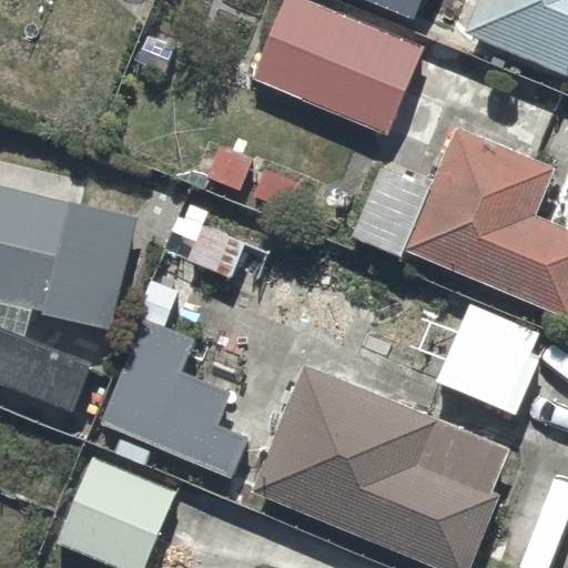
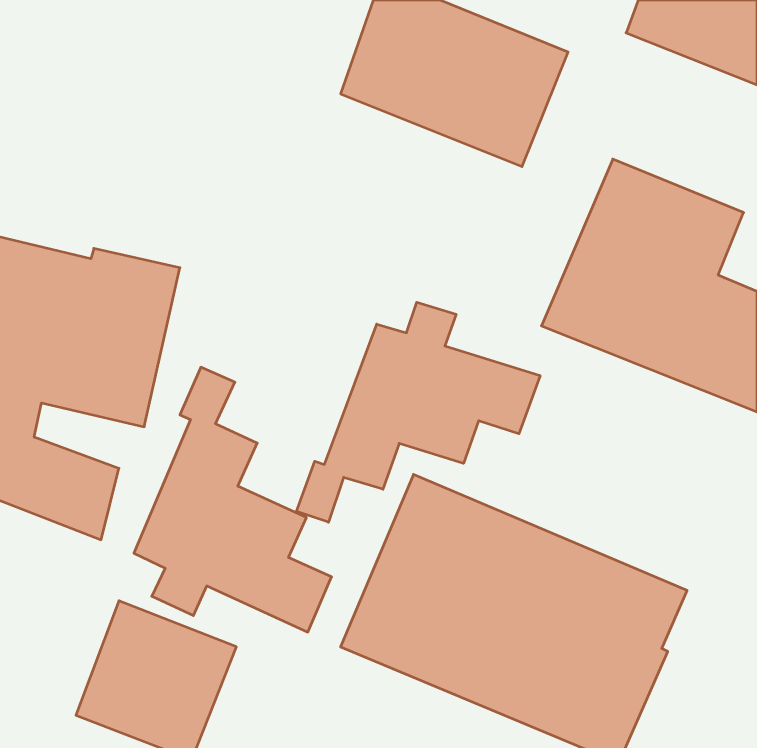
building: none -> [297,302,540,522]
building: [435,306,542,414] -> none

